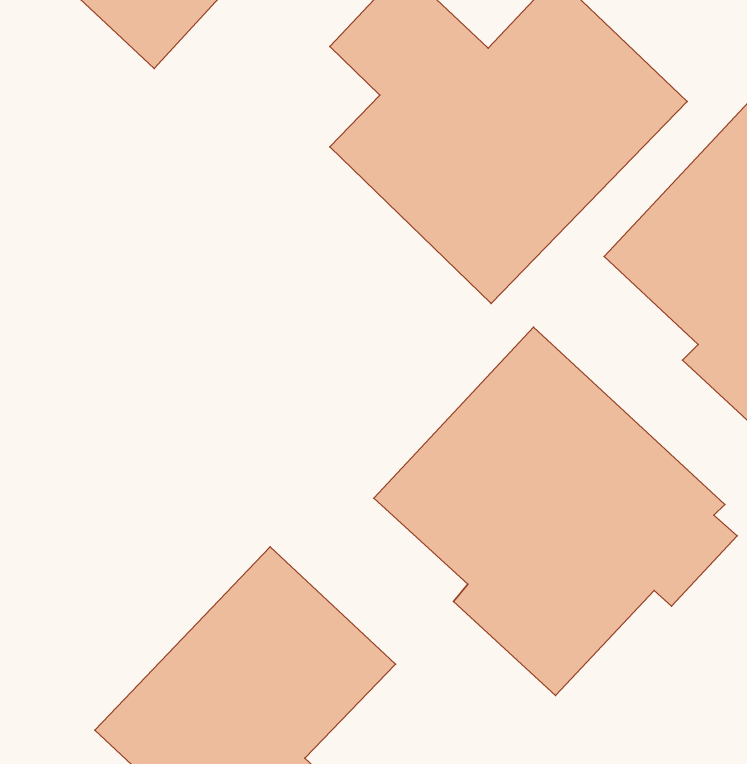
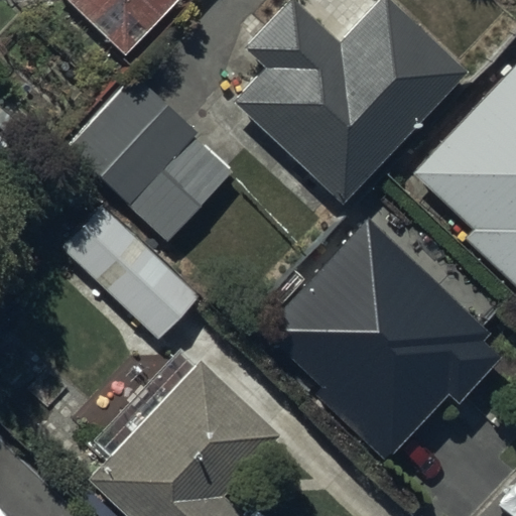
building: none -> [71,77,233,240]
building: none -> [61,207,199,339]

